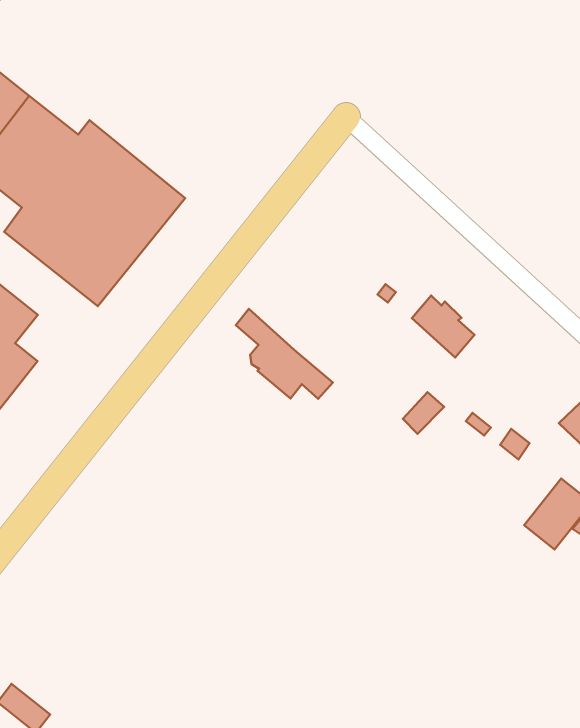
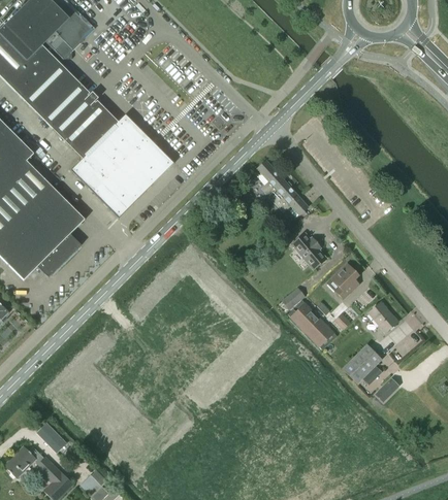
building: [236,309,333,399] -> [257,159,308,213]
building: none -> [326,262,358,298]
building: none -> [288,301,337,348]

